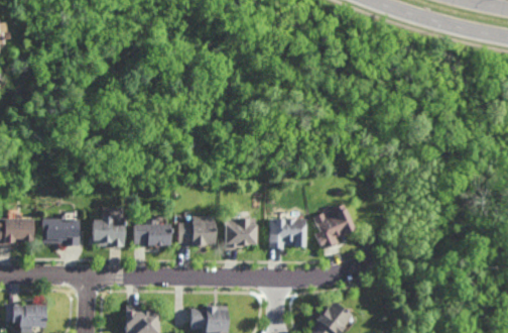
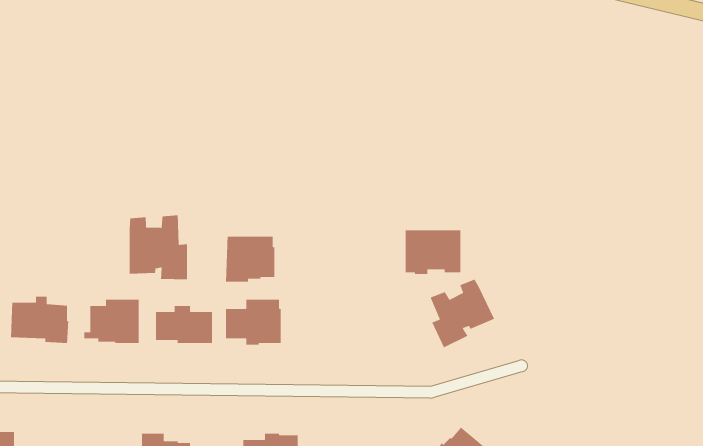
building: none -> [129,215,188,280]
building: [226,218,258,248] -> [225,236,275,282]
building: [270,219,306,248] -> [405,230,461,275]

